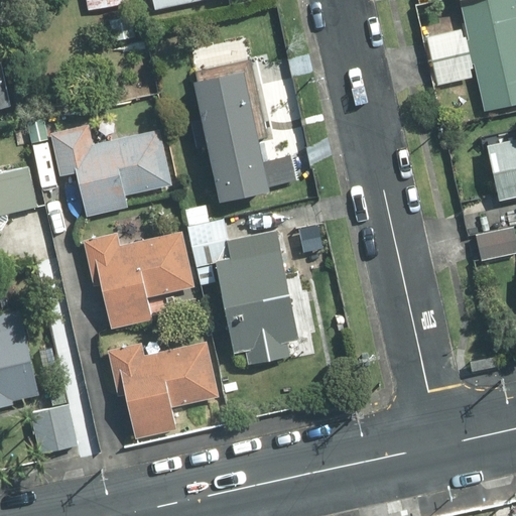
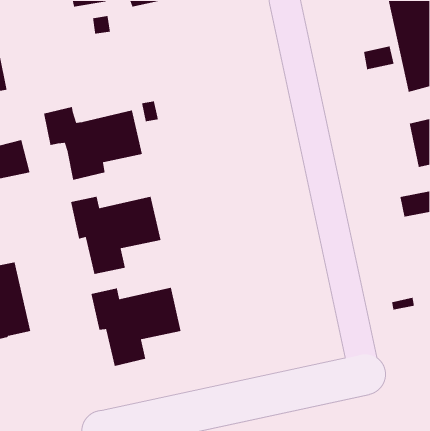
building: [196,74,296,202] -> none
building: [187,220,297,364] -> none
building: [31,393,76,453] -> none

